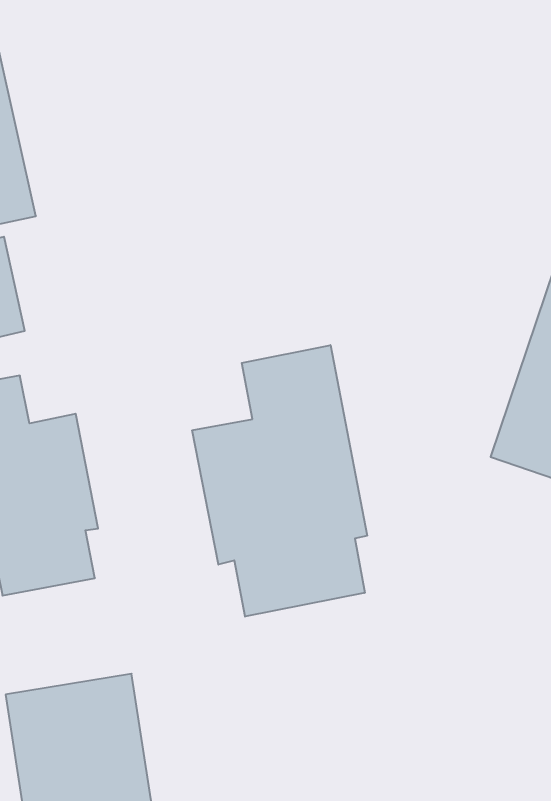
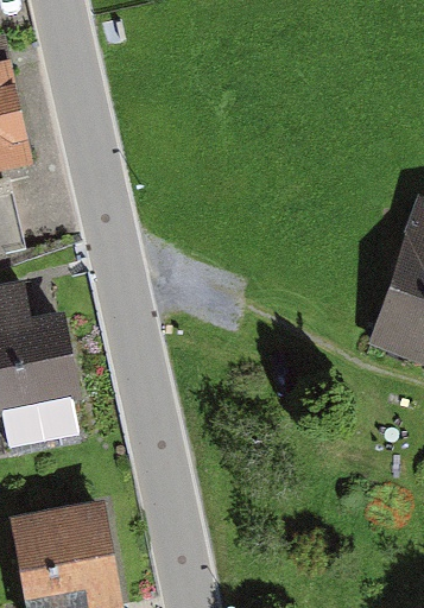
building: [192,345,367,617] -> none

